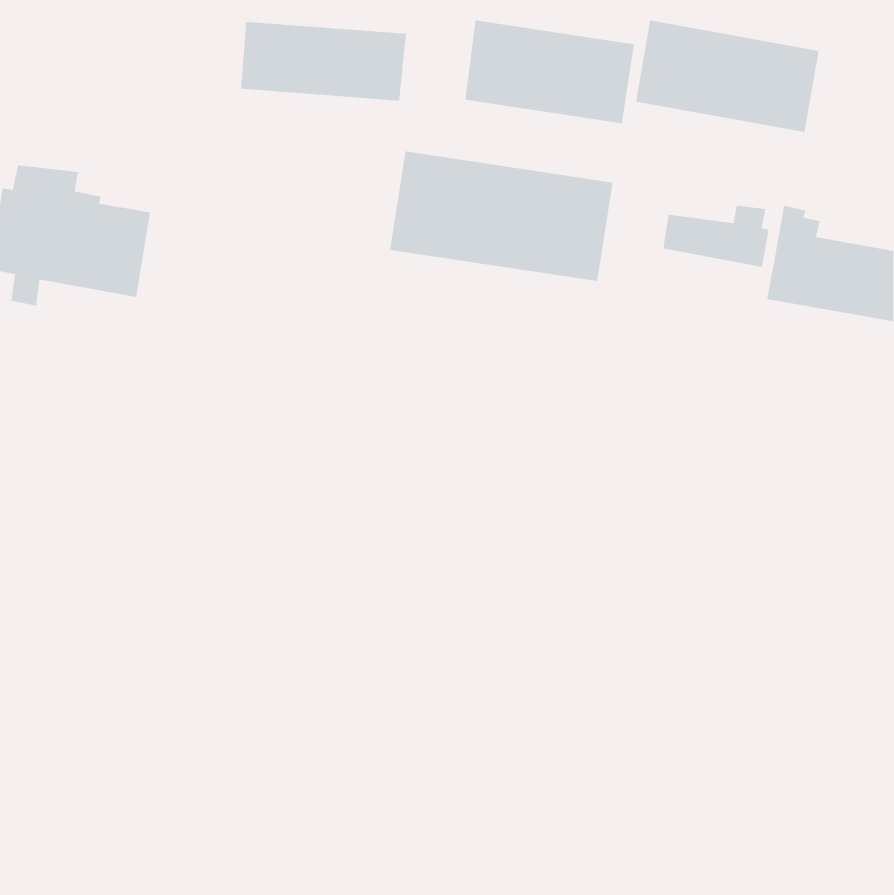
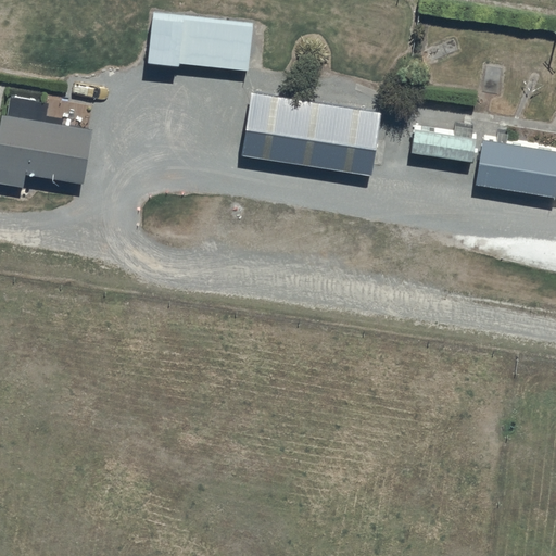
building: [465,19,635,124] -> none
building: [635,20,819,133] -> none

